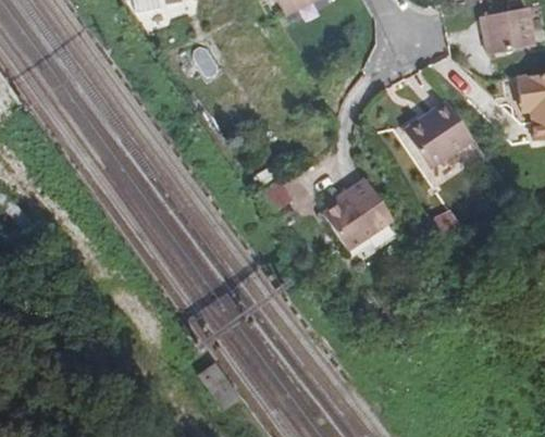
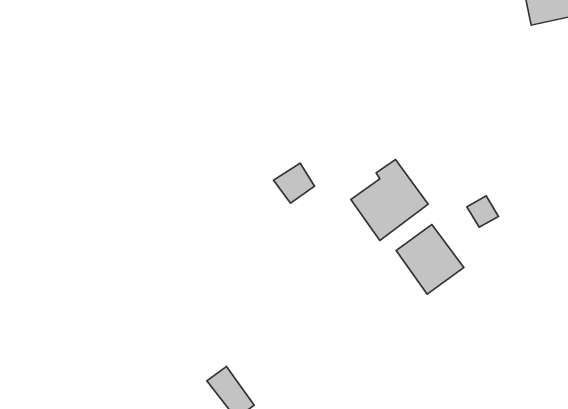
building: [405,98,474,167] -> none
building: none -> [396,225,464,294]

